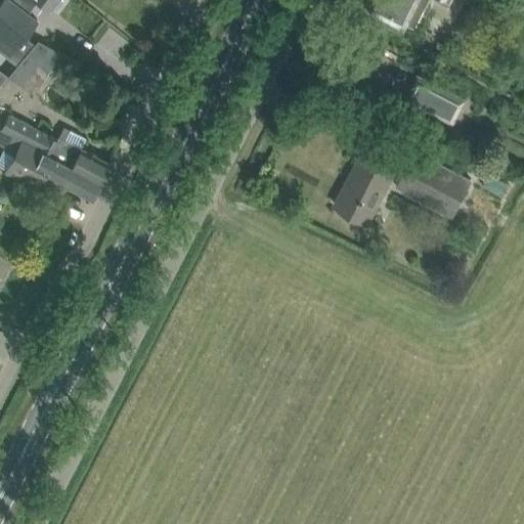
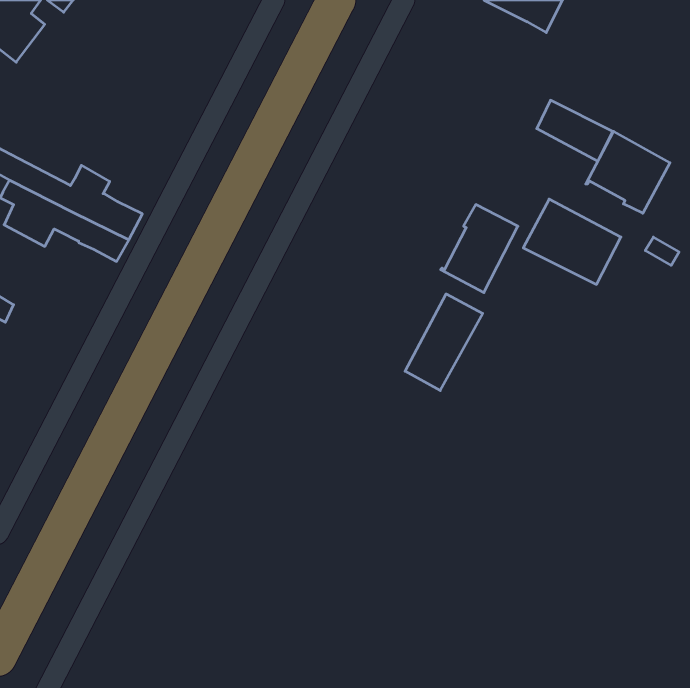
building: [4,42,74,96] -> none
building: none -> [586,131,670,213]
building: none -> [405,294,483,391]

